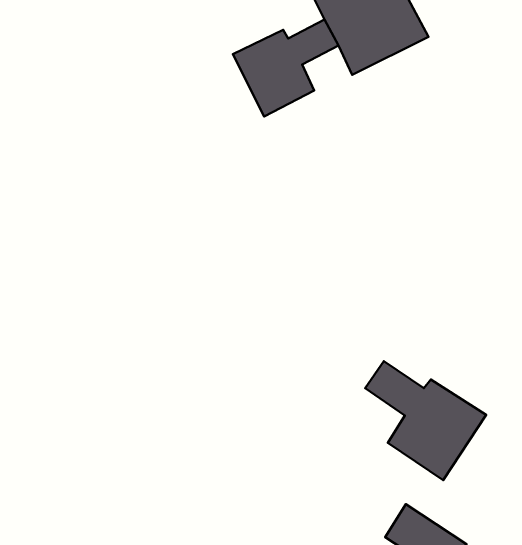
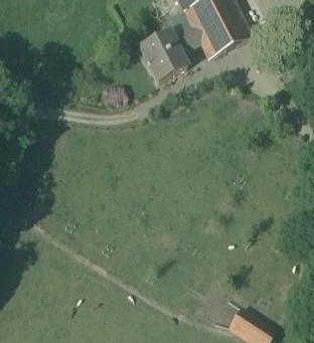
building: [365,361,486,480] -> none

